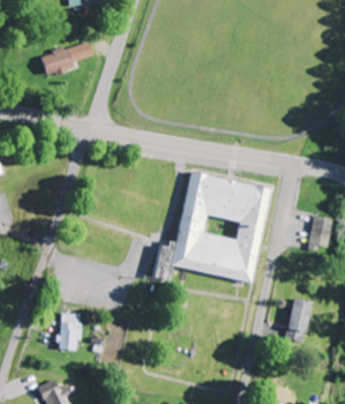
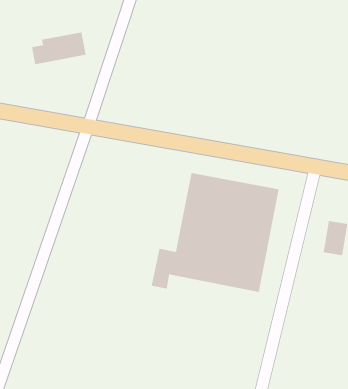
building: [284,297,310,336] -> none
building: [60,314,82,350] -> none

